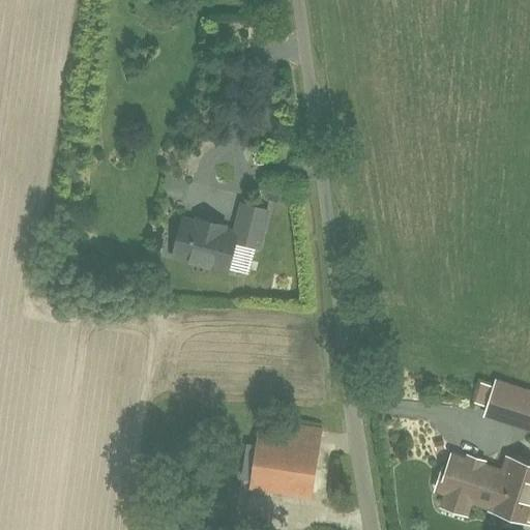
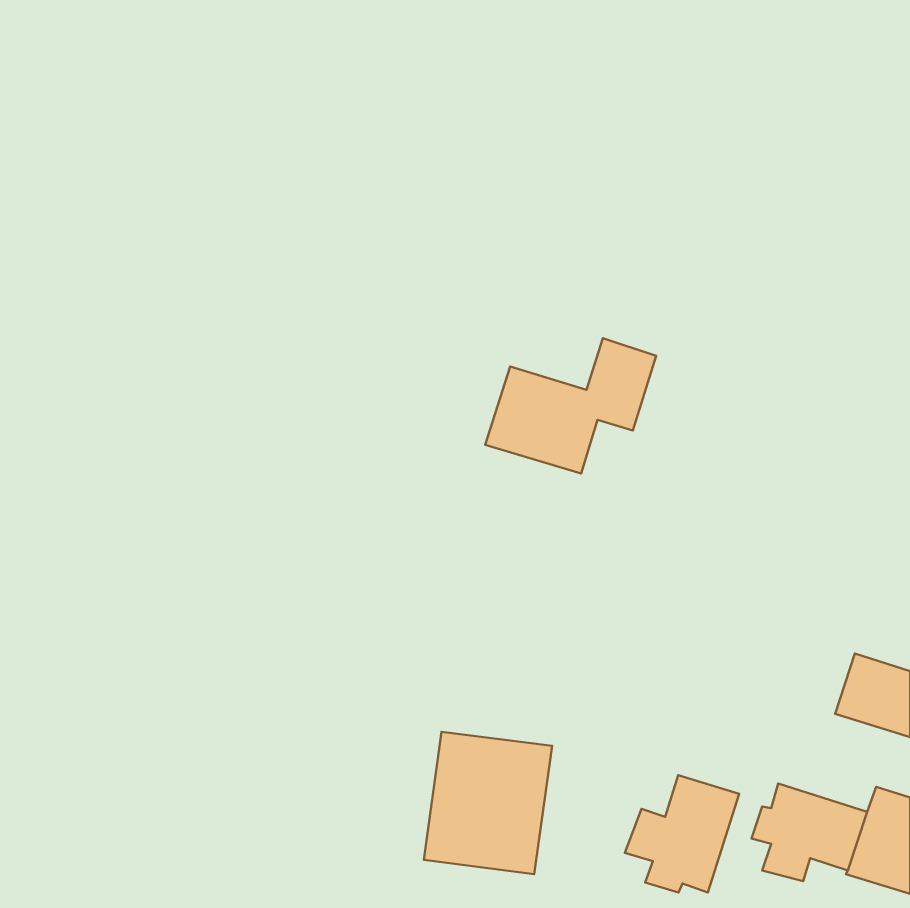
building: [171,197,270,275] -> [485,338,656,473]
building: none -> [625,775,739,893]

